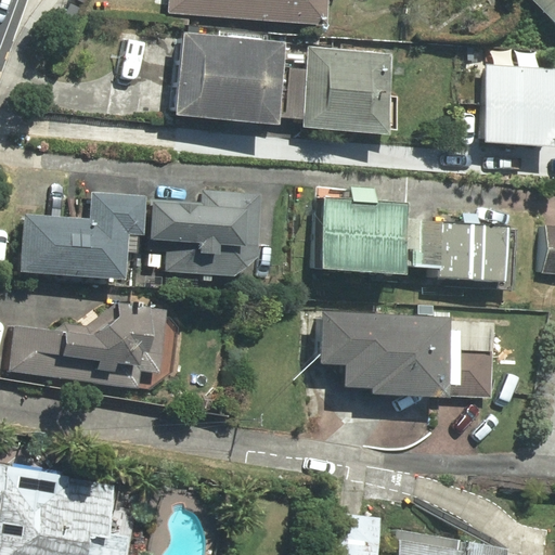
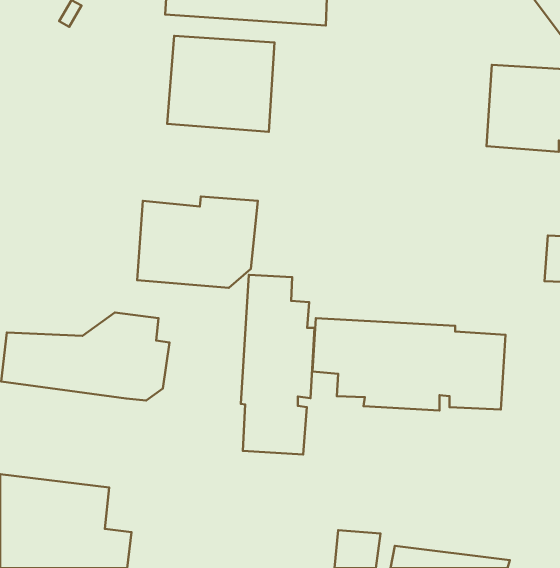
building: [280,48,396,134] -> none
building: [317,184,518,292] -> none
building: [21,194,145,284] -> none
building: none -> [241,275,315,454]

